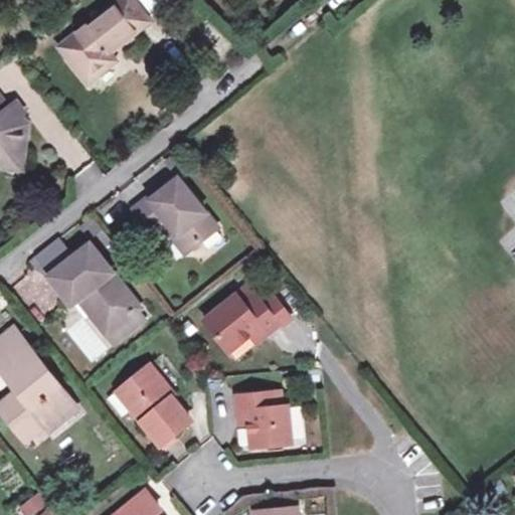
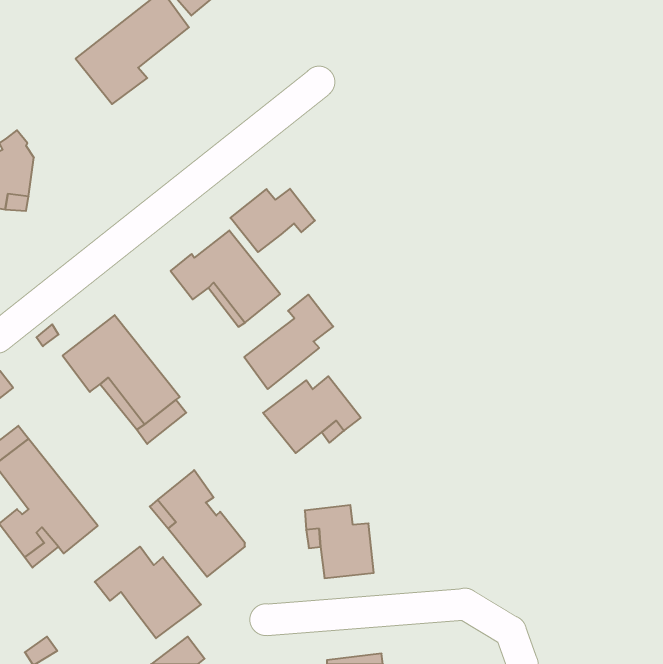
building: none -> [230,189,315,252]
building: none -> [244,295,333,389]
building: none -> [95,547,201,638]

